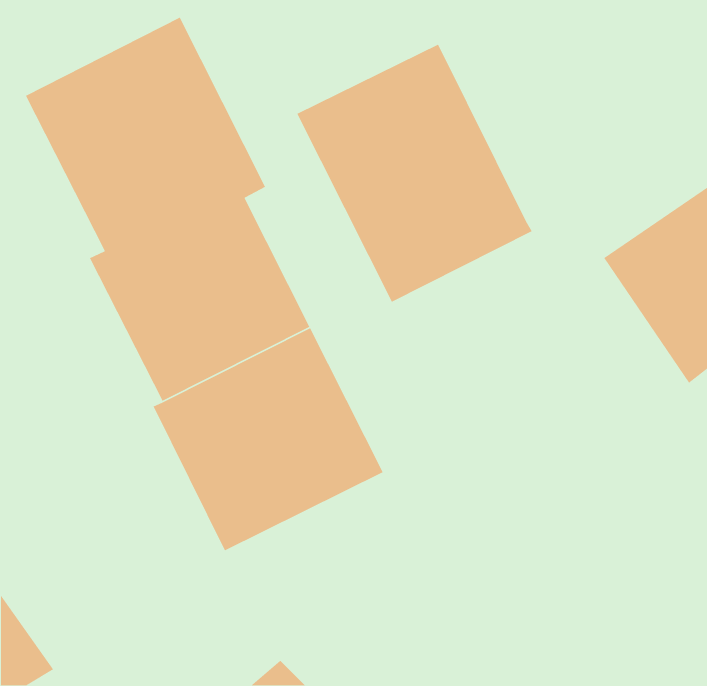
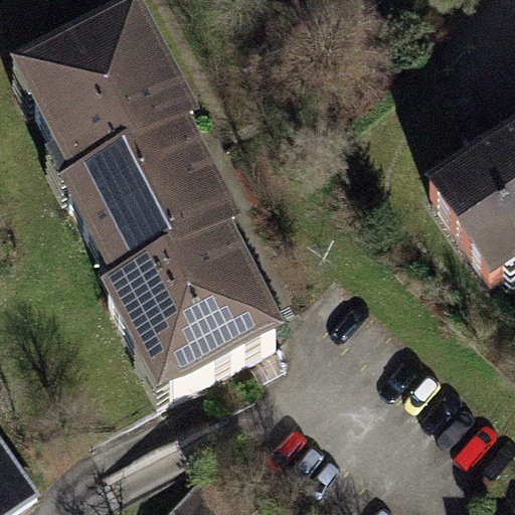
building: [296,43,533,303] -> none

